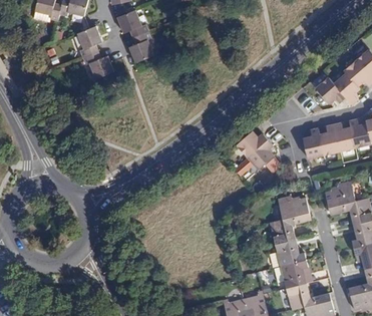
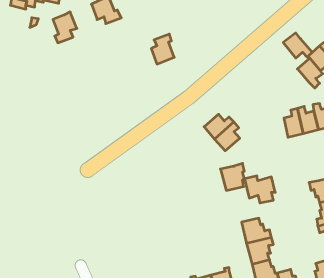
building: [130,30,154,61] -> [151,34,174,64]
building: [83,50,114,77] -> none
building: [315,77,345,103] -> [283,33,312,58]
building: [302,128,323,157] -> none
building: [325,180,355,214] -> none
building: [269,215,294,243] -> [220,163,244,190]

